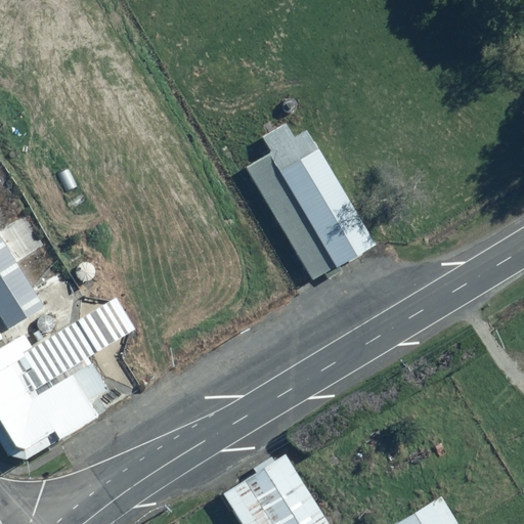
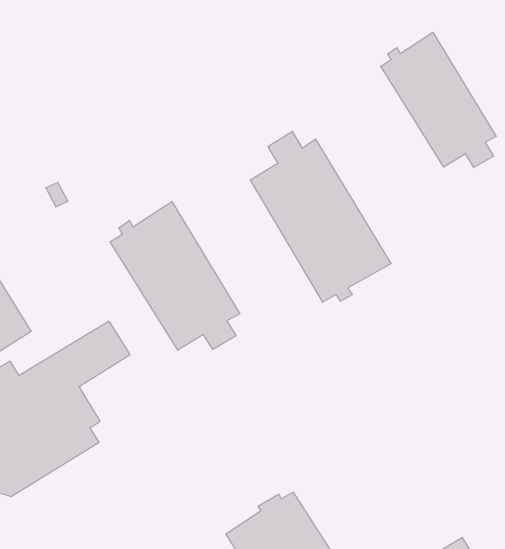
building: none -> [381,32,496,168]
building: none -> [110,202,240,350]

